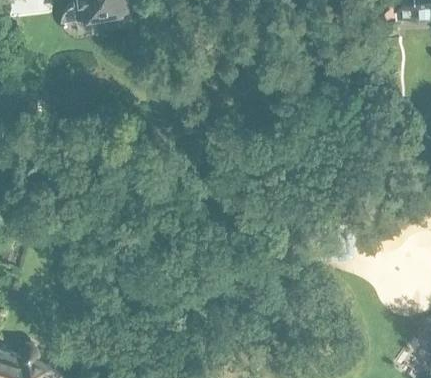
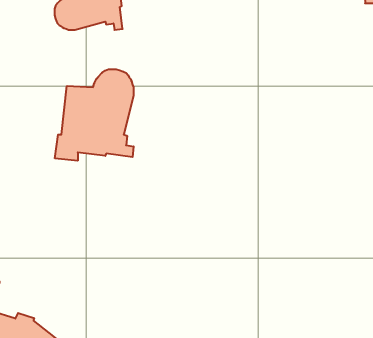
building: none -> [55,69,134,161]

